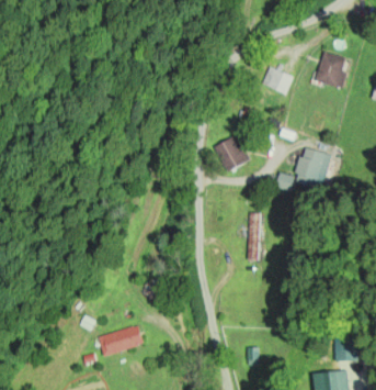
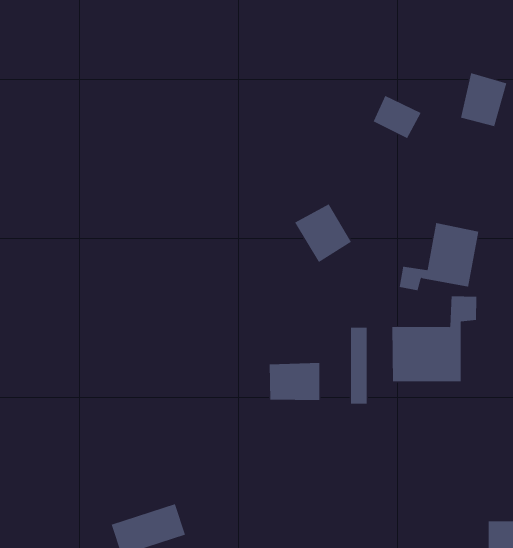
building: none -> [392,296,477,382]
building: none -> [269,362,320,401]

